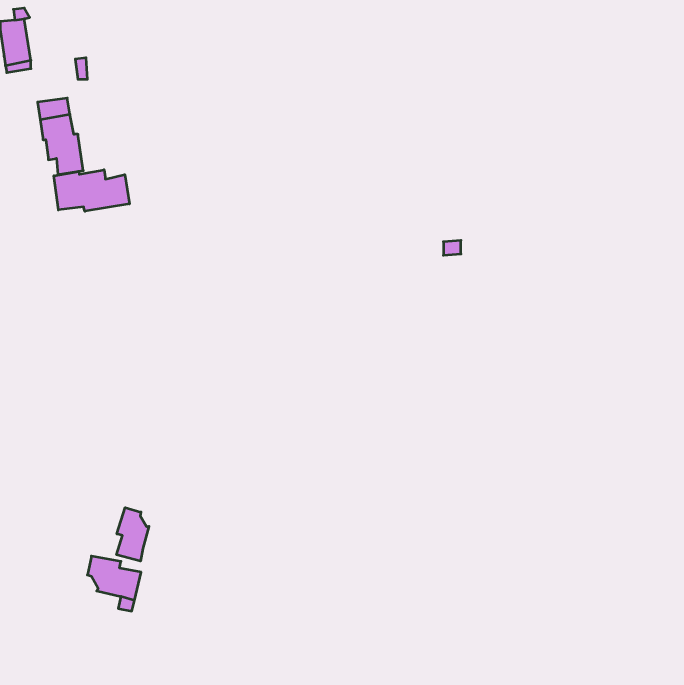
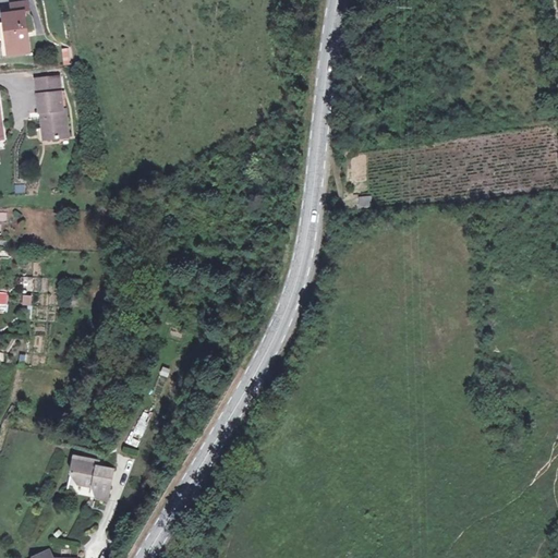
building: [54,170,129,211] -> none
building: [117,508,149,561] -> none

